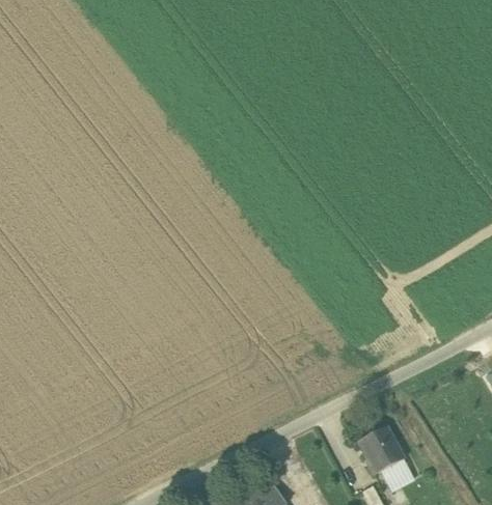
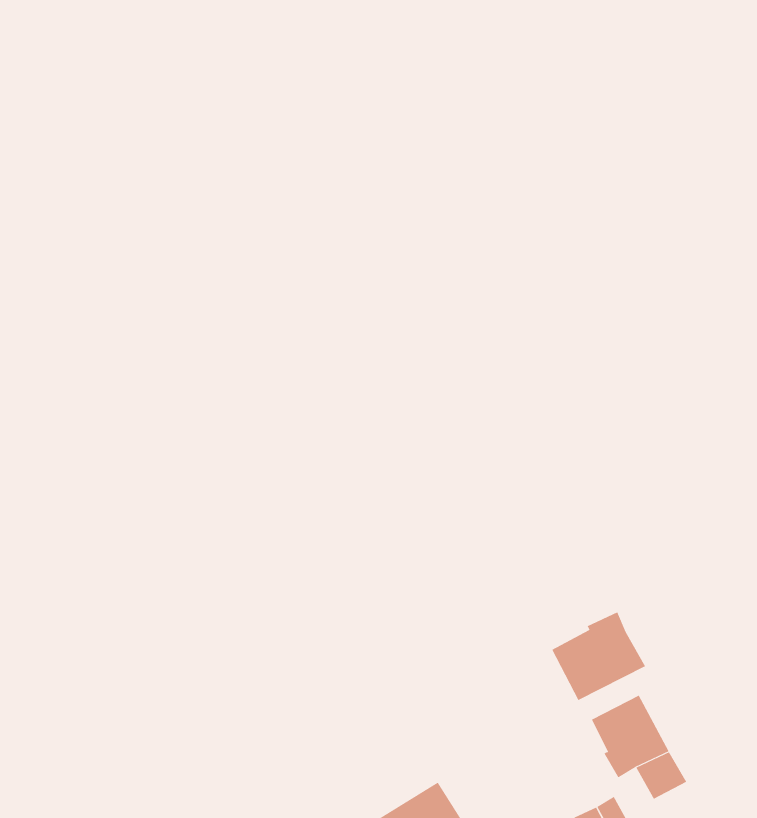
building: none -> [552,611,646,701]

